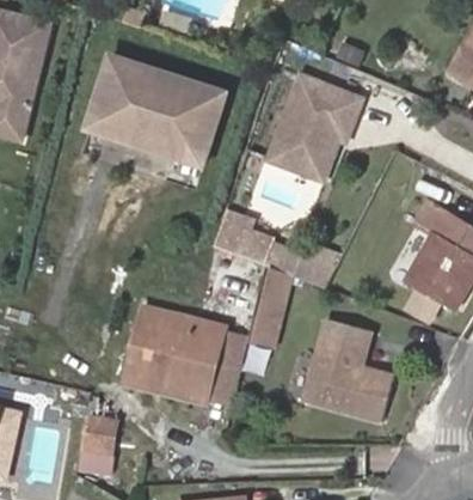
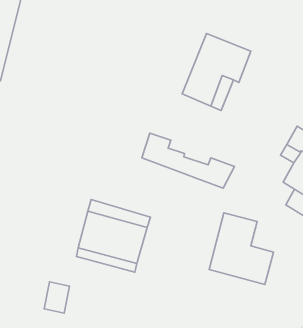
building: [90,56,226,165] -> none
building: [251,266,290,343] -> none
building: [207,341,247,398] -> none

